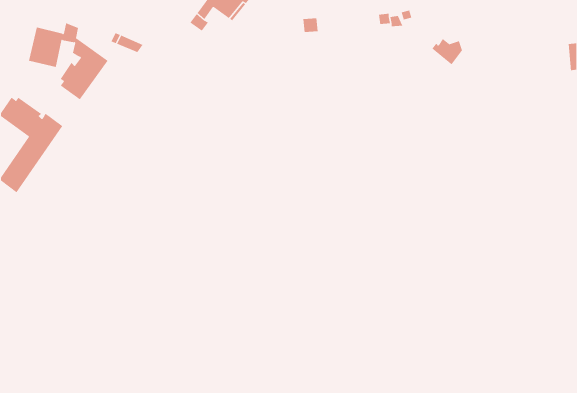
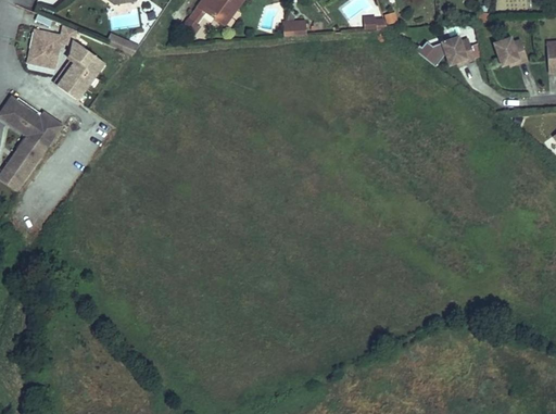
building: none -> [442,36,476,64]
building: none -> [494,37,528,65]

